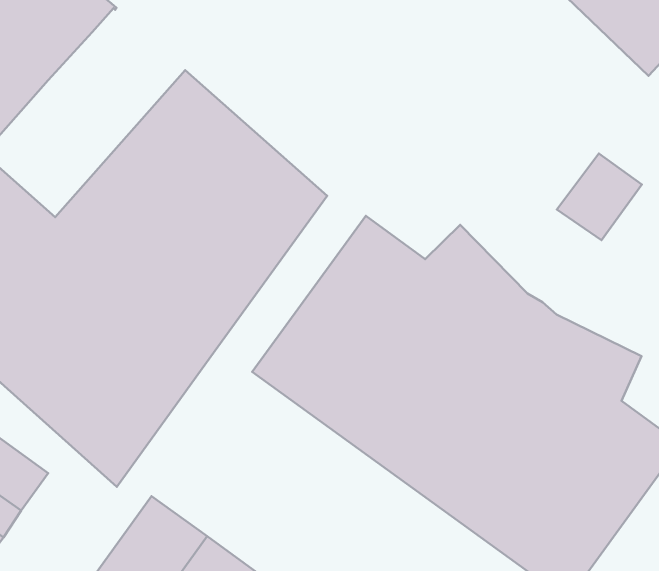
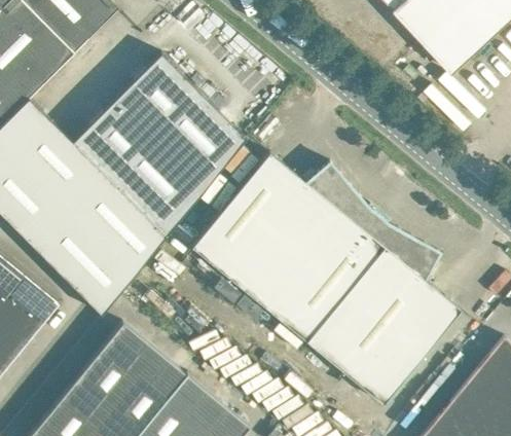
building: [557,154,642,240] -> none

